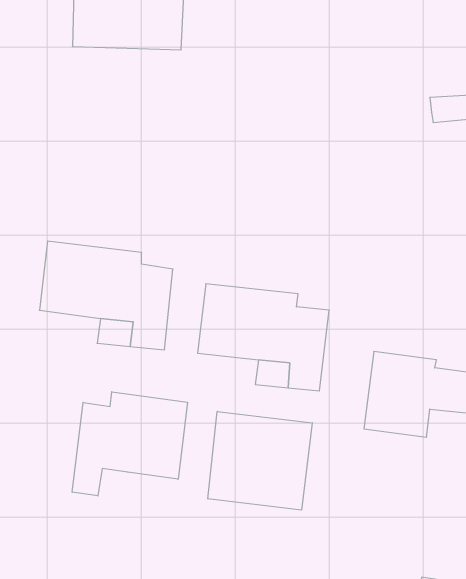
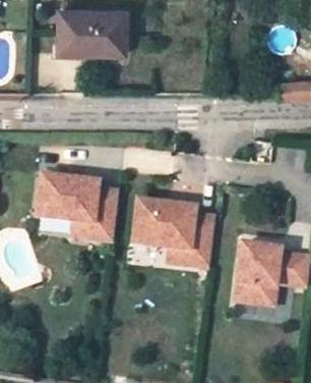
building: [72,392,187,496] -> none
building: [208,411,312,510] -> none

